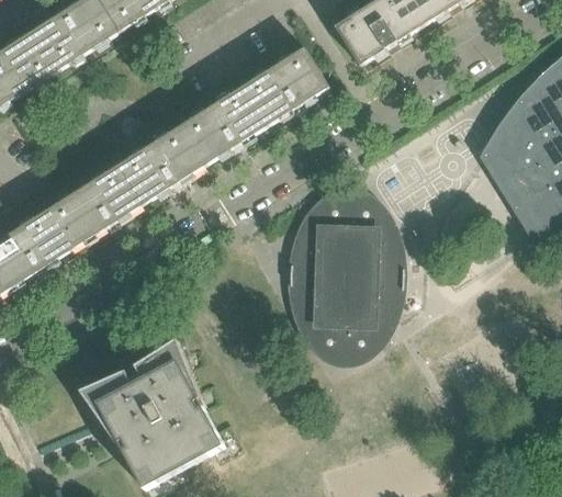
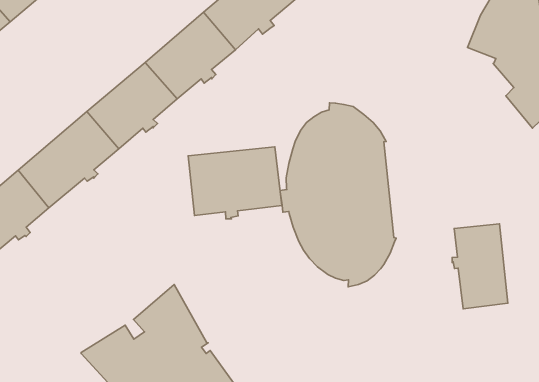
building: none -> [188,147,282,219]
building: none -> [452,224,508,309]

